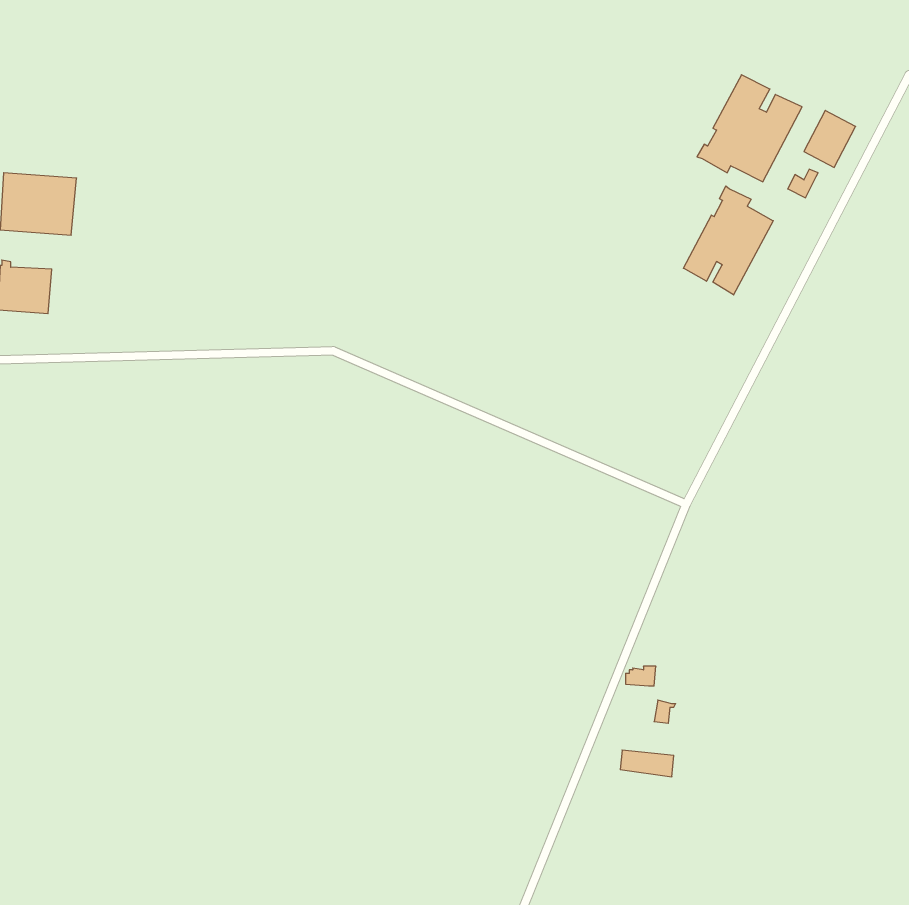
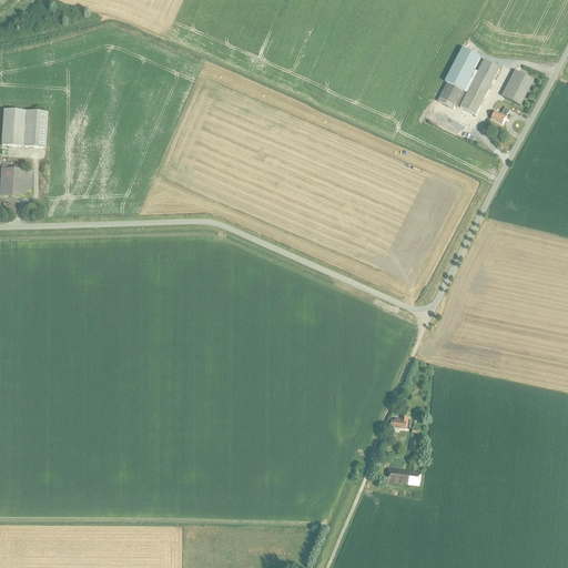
building: [683,186,773,295] -> none

